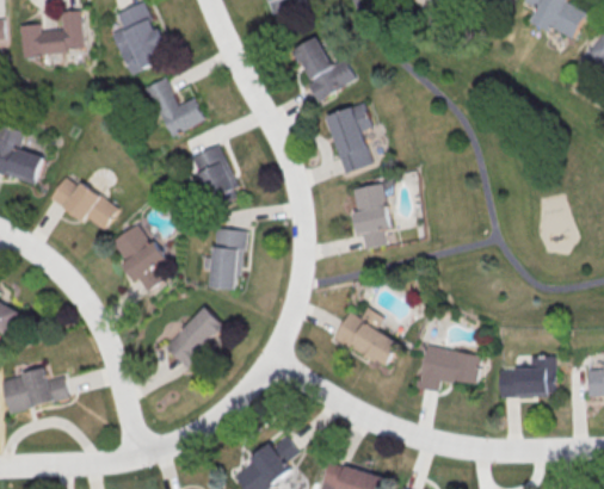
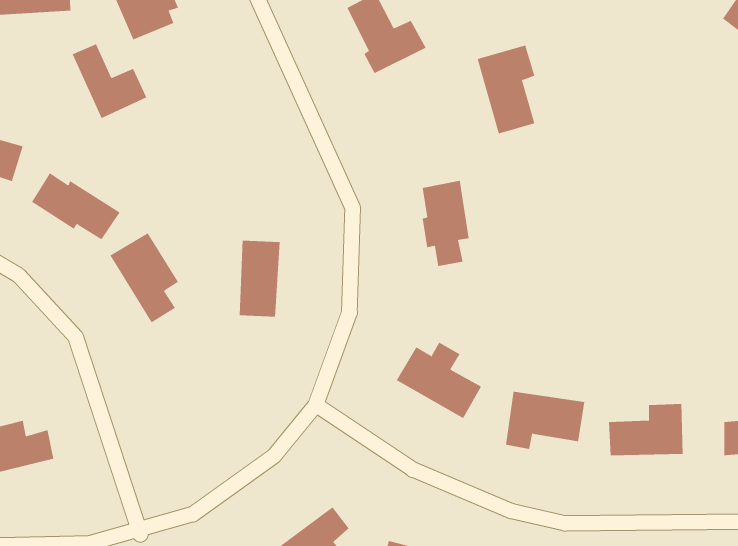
building: [146,79,204,137] -> [72,44,147,119]
building: [327,104,372,173] -> [477,45,535,134]
building: [191,146,240,208] -> none
building: [165,307,226,369] -> none

